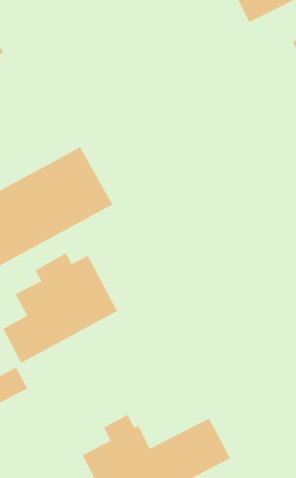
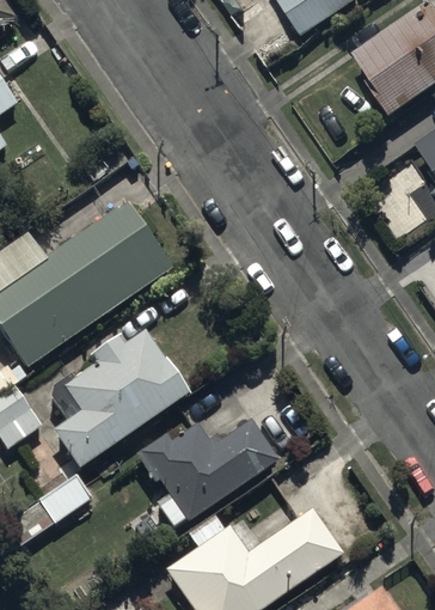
building: none -> [134,417,278,527]

